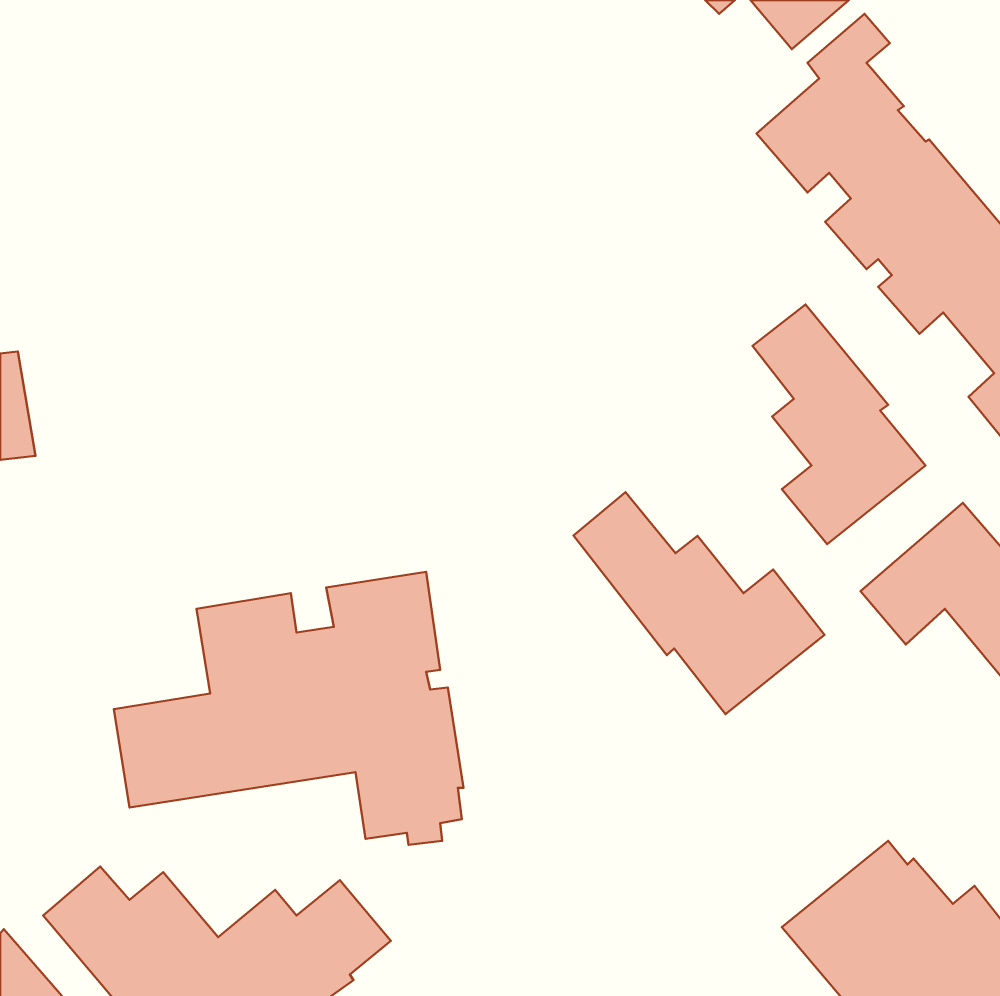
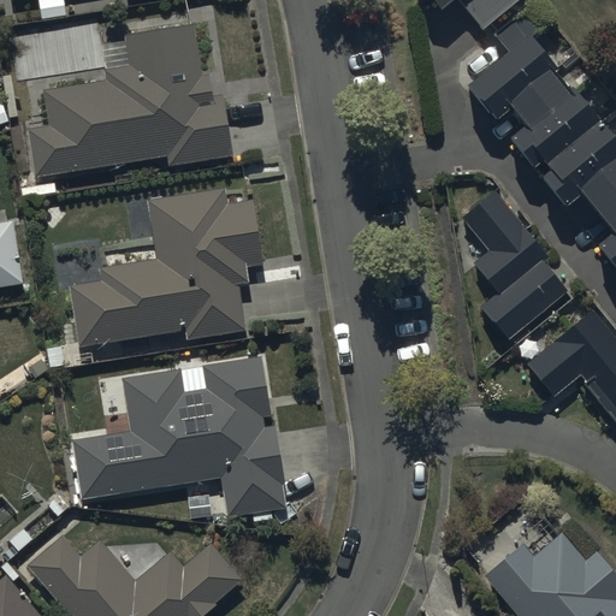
building: none -> [26,19,232,178]
building: none -> [70,188,263,346]
building: [573,492,824,714] -> none

